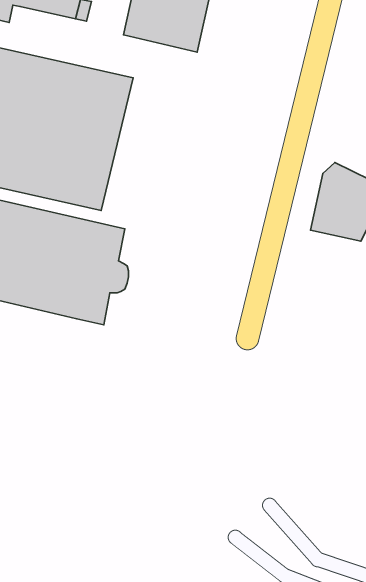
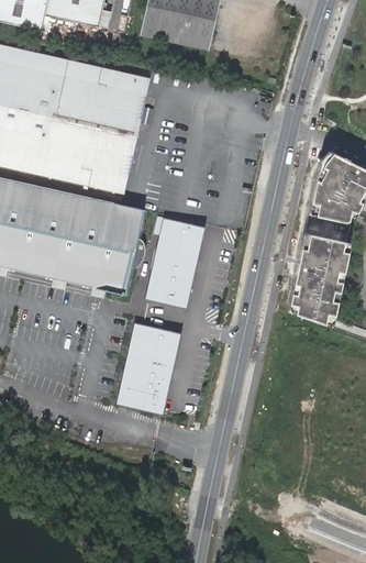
building: none -> [146,216,207,306]
building: none -> [287,231,350,325]
building: none -> [118,321,181,412]

